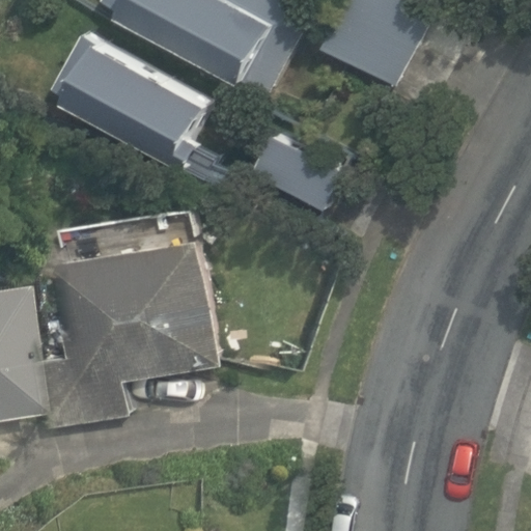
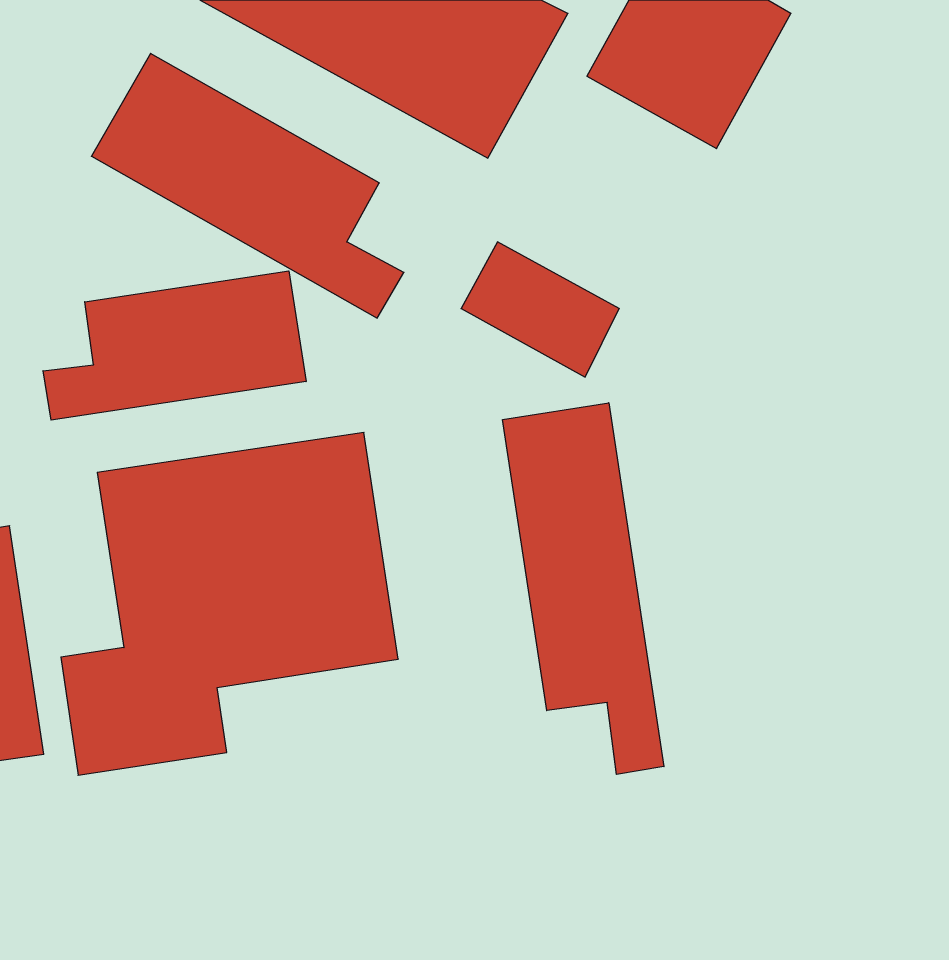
building: none -> [43,271,306,420]
building: none -> [503,403,664,774]

